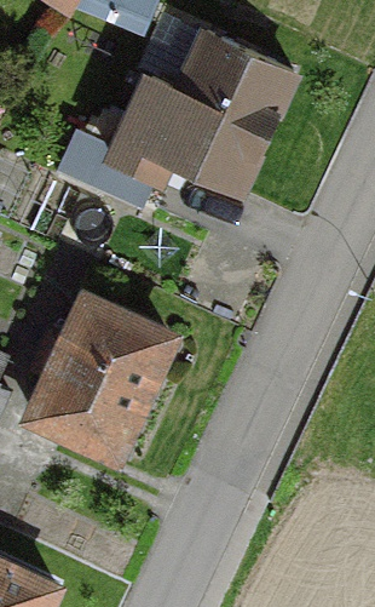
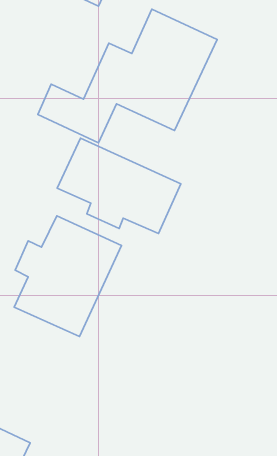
building: none -> [57,138,181,233]

